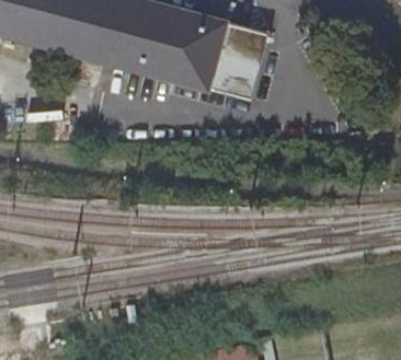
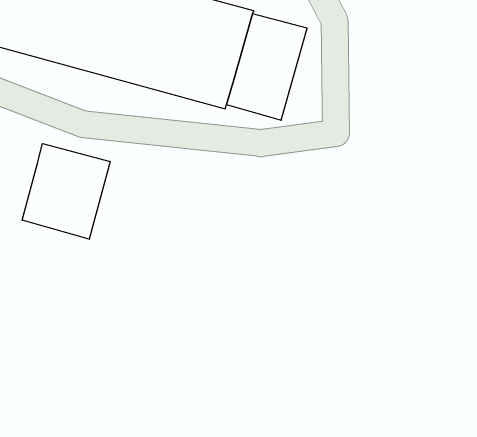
building: none -> [22,144,110,239]

